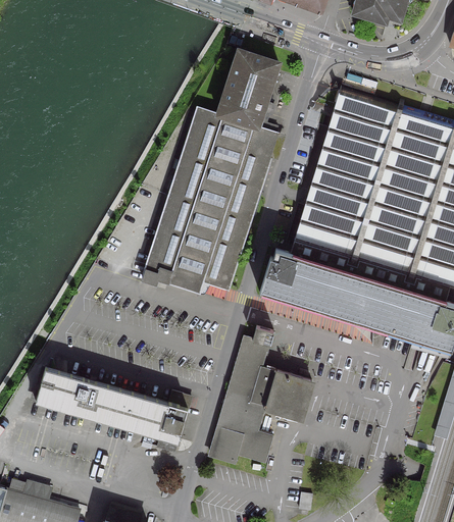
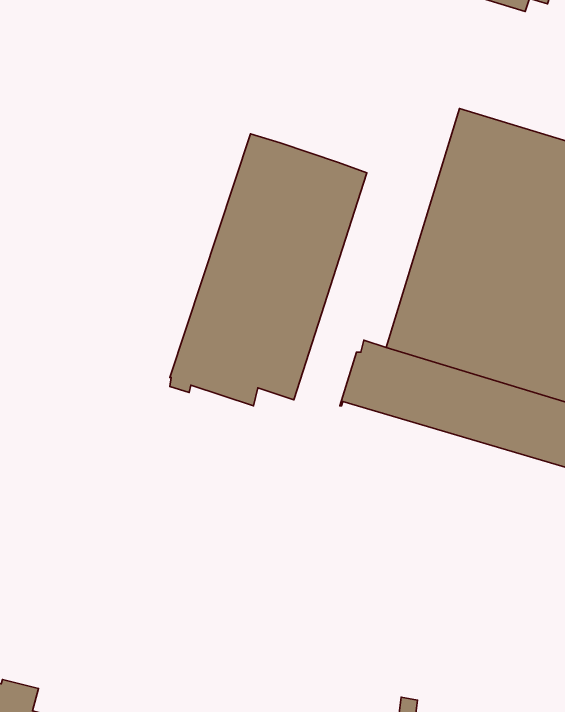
building: [217,51,278,127] -> none
building: [210,326,310,464] -> none
building: [35,368,187,452] -> none

